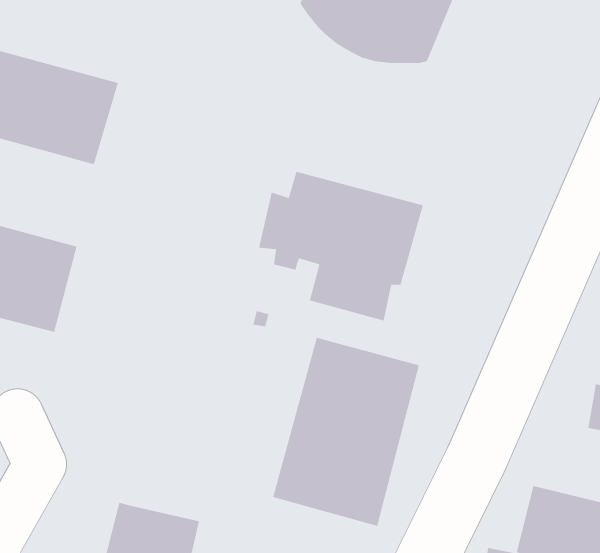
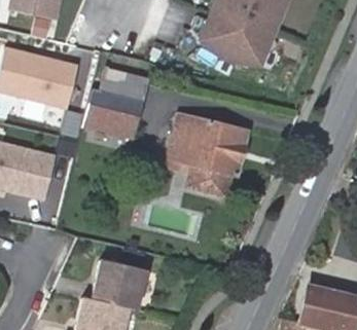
building: none -> [95,68,150,148]
building: [272,337,420,527] -> none
building: none -> [94,256,146,307]

